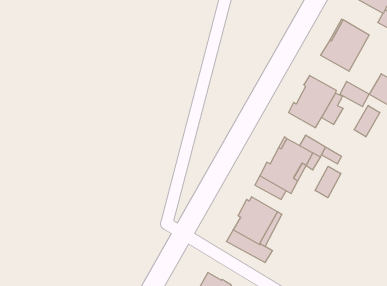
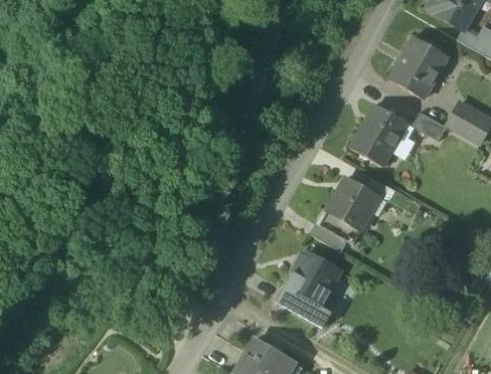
building: [354,105,380,137] -> none
building: [315,166,341,198] -> none

